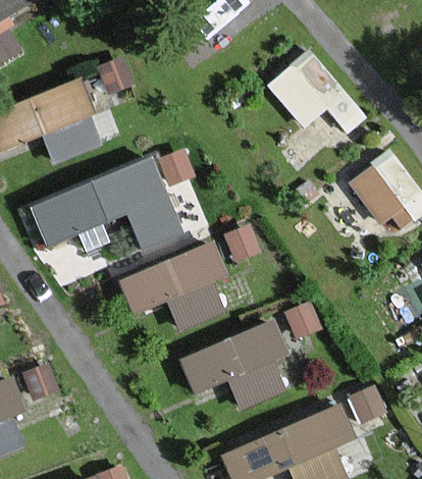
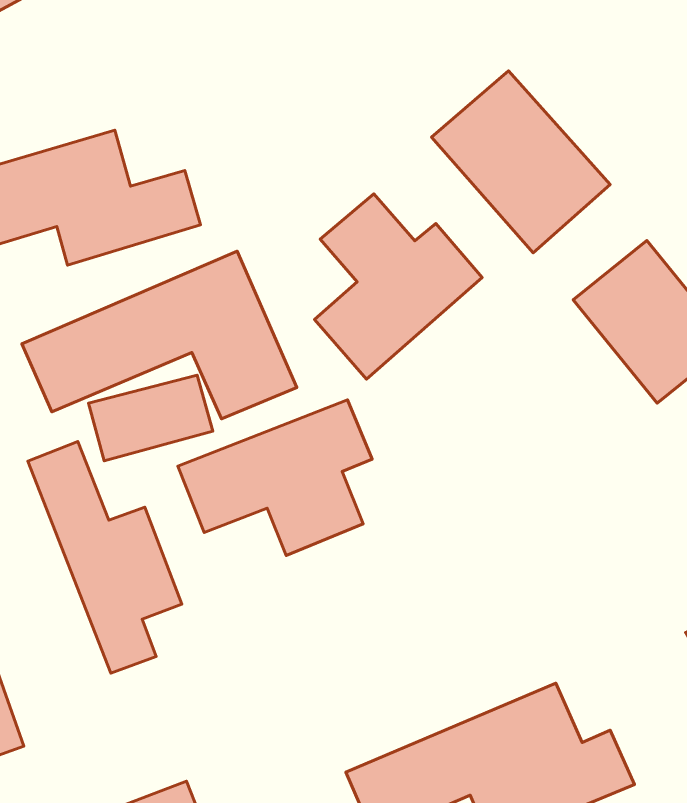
building: none -> [314,194,482,379]
building: none -> [28,442,182,673]
building: [179,317,289,413] -> none

